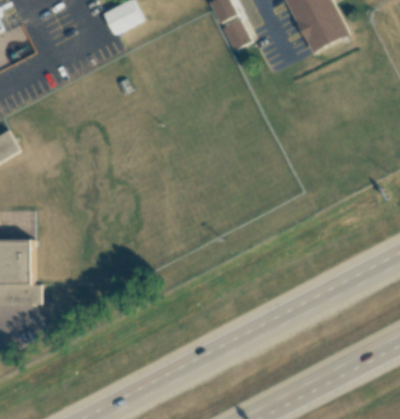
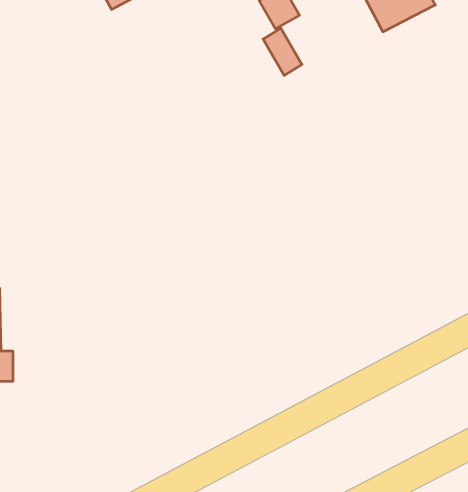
building: none -> [263,28,302,75]

